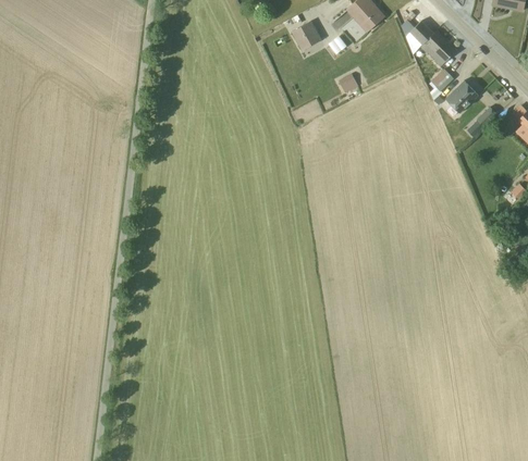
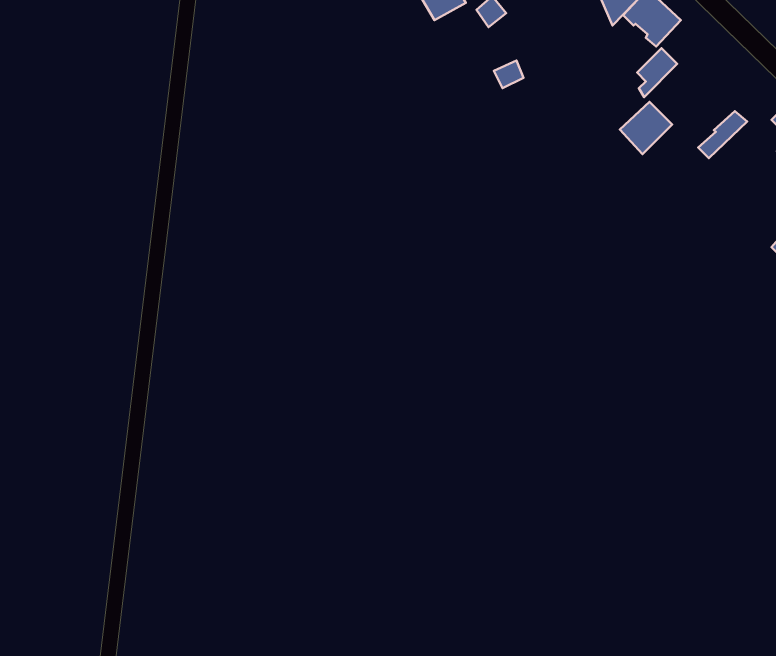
building: [445,80,478,113] -> [620,102,672,154]

